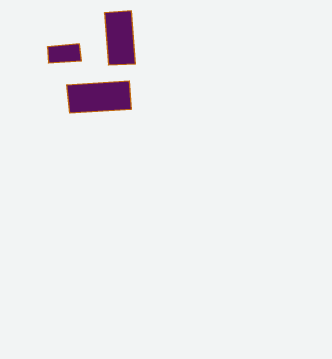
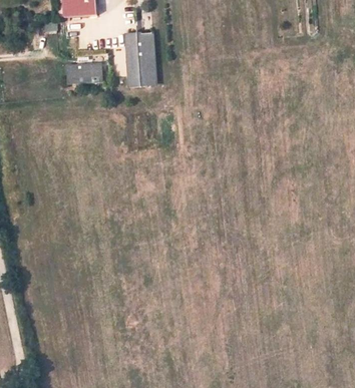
building: [67,81,131,113] -> none

